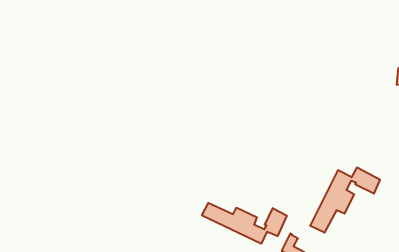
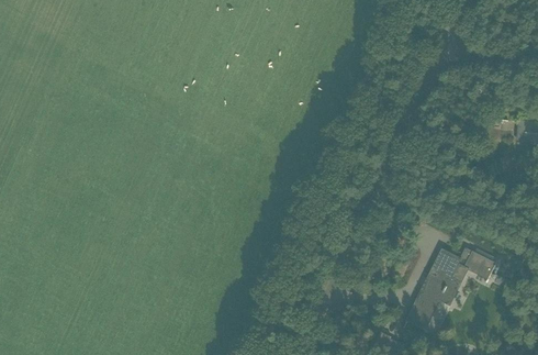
building: [202,203,287,244] -> none

